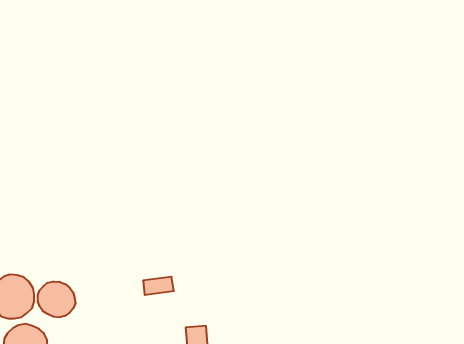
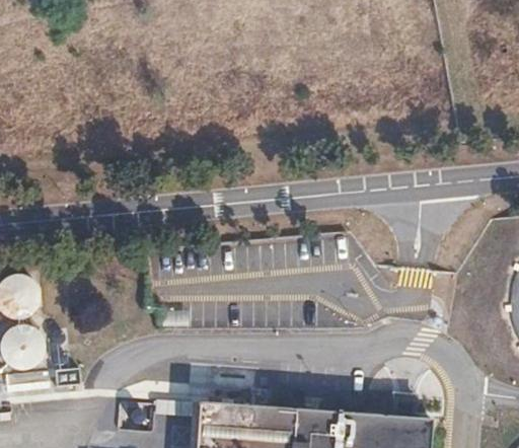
building: [38,281,75,317] -> none

